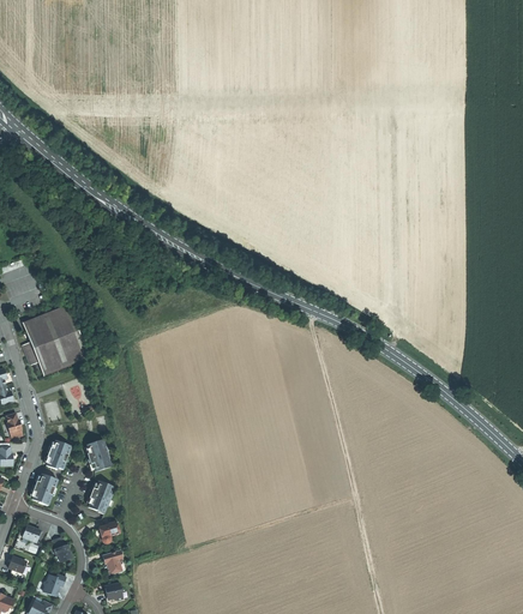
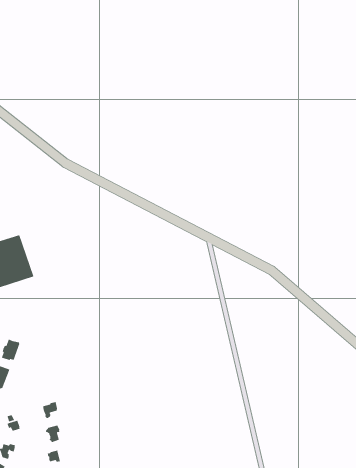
building: [86,439,112,471] -> none
building: [88,481,114,513] -> none

